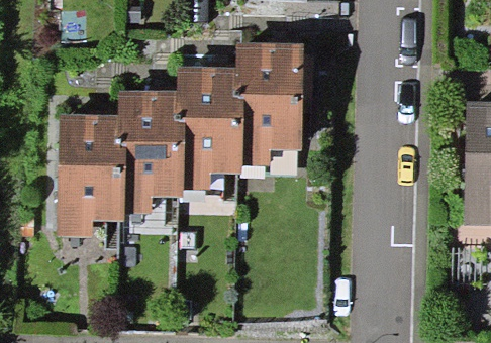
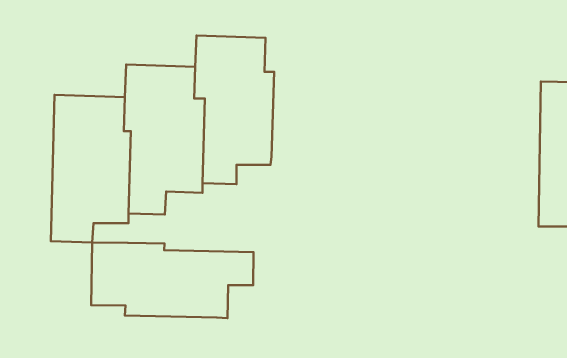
building: [235,42,303,166] -> none
building: none -> [91,242,254,318]

